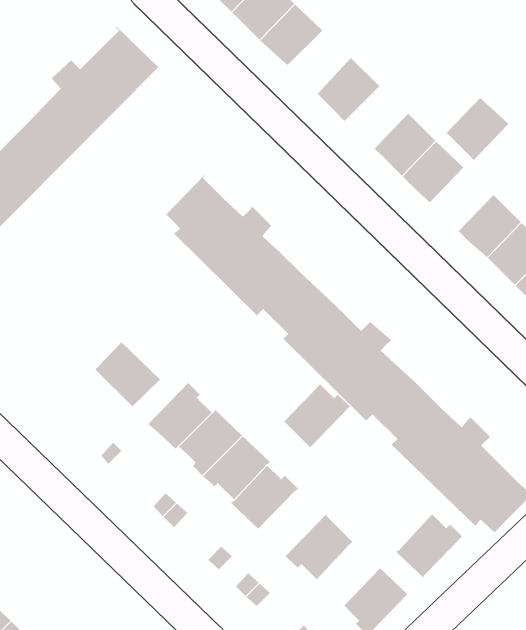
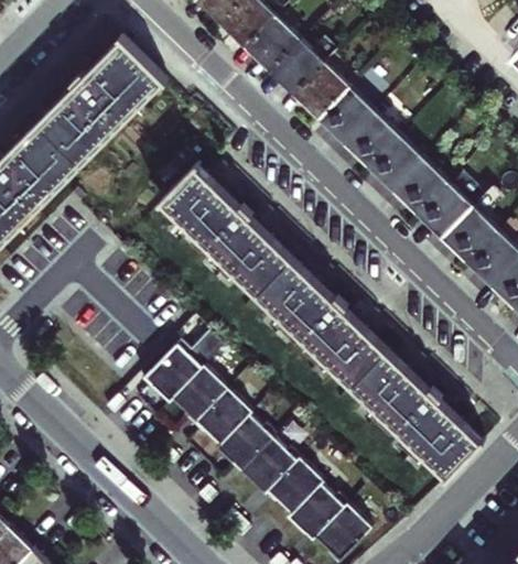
building: none -> [270,41,325,96]
building: none -> [320,89,375,143]
building: [446,97,509,161] -> [393,160,449,215]
building: [95,342,161,407] -> none
building: [283,383,351,448] -> [245,441,303,497]
building: [395,514,463,578] -> [292,487,350,543]

